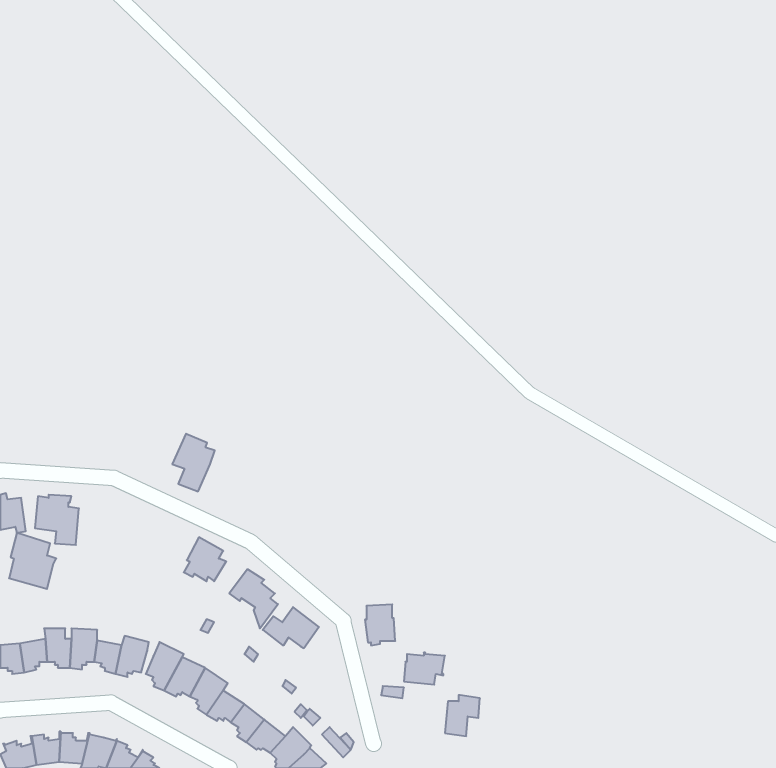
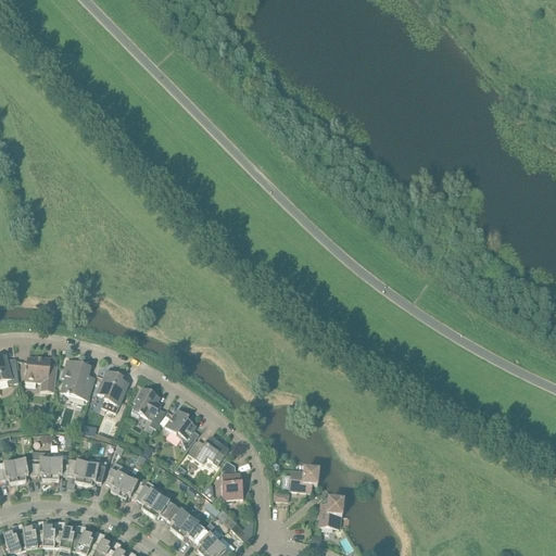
building: [172,434,215,491] -> [97,369,127,410]
building: [9,533,56,589] -> [61,357,94,397]
building: [365,604,395,645] -> [220,471,242,501]

